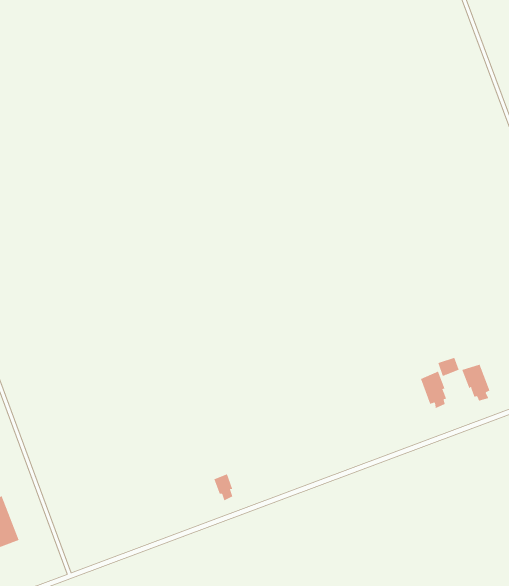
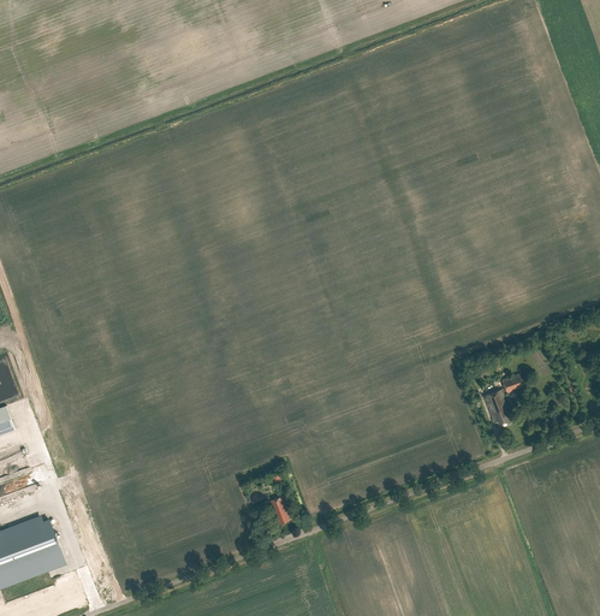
building: [462,364,490,401] -> none

